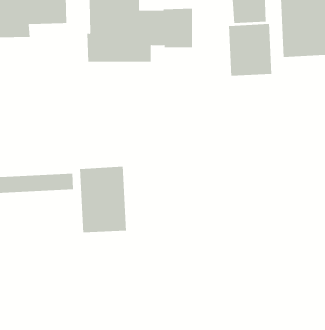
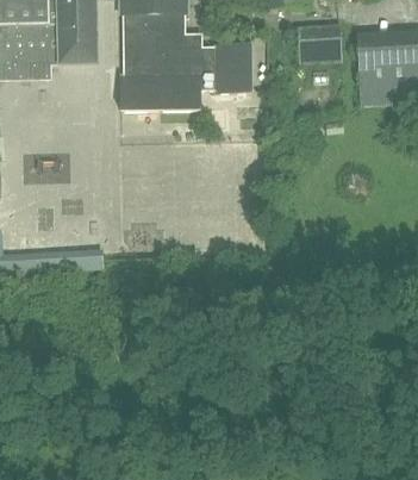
building: [229,23,272,76] -> none
building: [80,166,126,233] -> none

